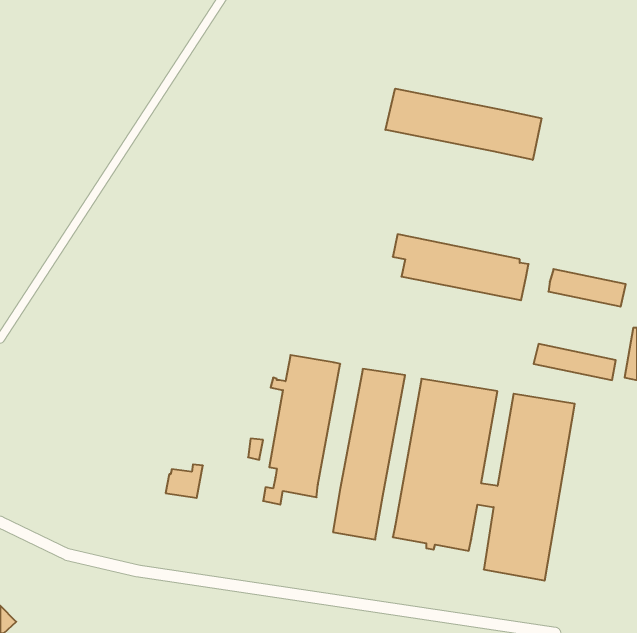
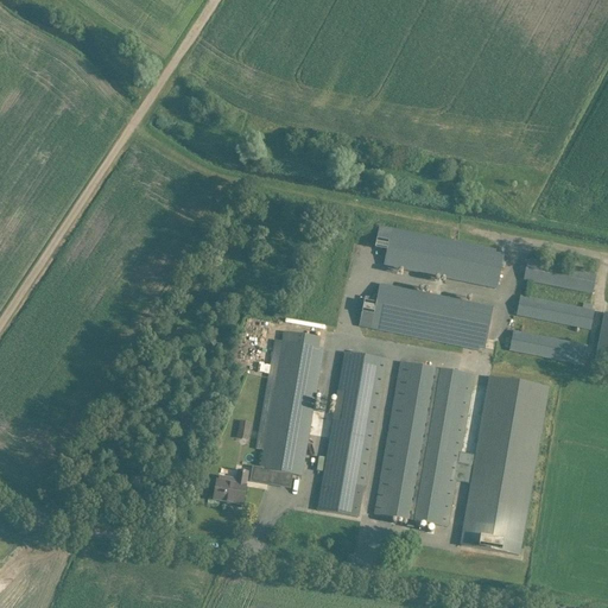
building: [385,89,541,160] -> none
building: none -> [359,283,494,348]
building: none -> [517,294,595,329]
building: [166,464,203,498] -> [213,469,248,501]

